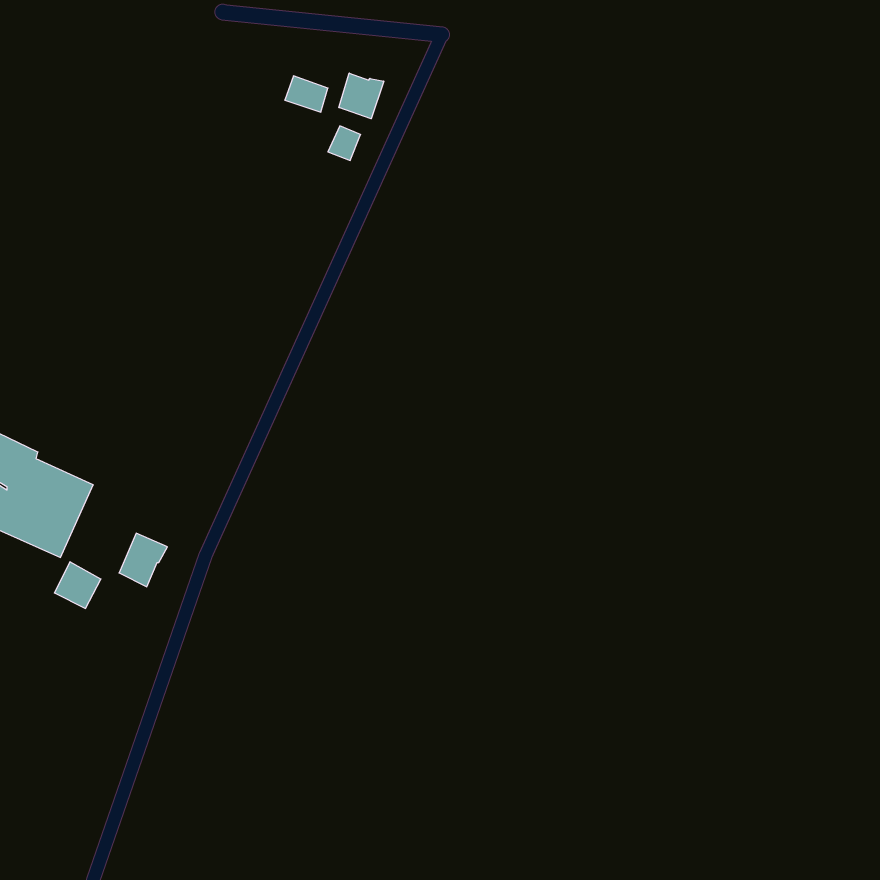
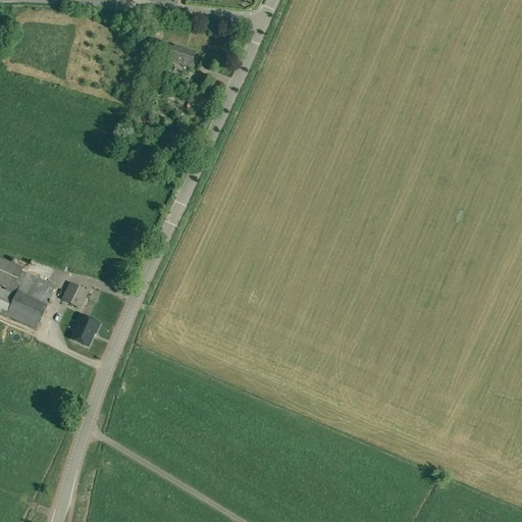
building: [339,73,384,119] -> none
building: [54,562,101,608] -> [60,281,88,309]

